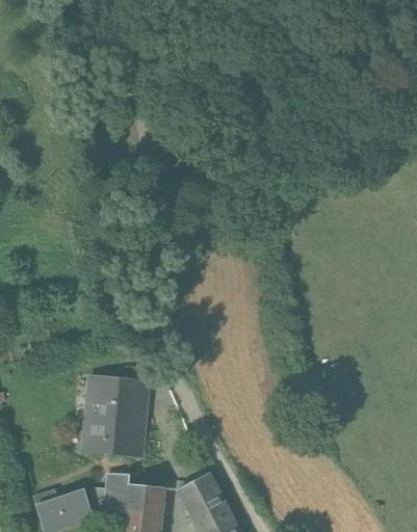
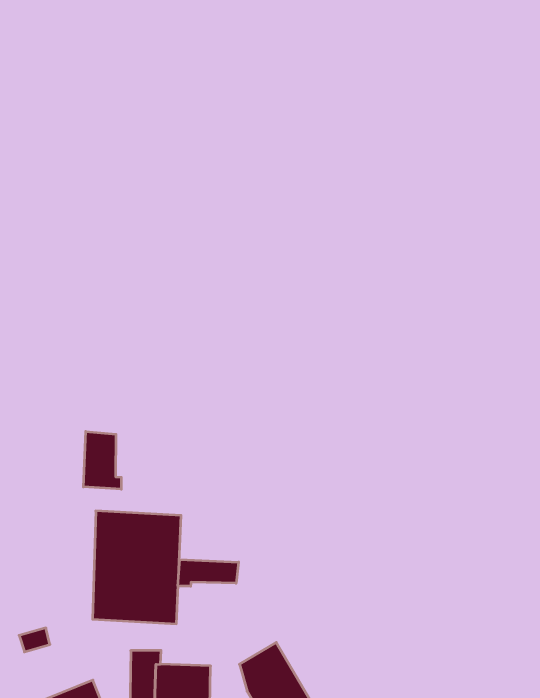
building: none -> [83,431,121,489]
building: none -> [178,560,239,586]

